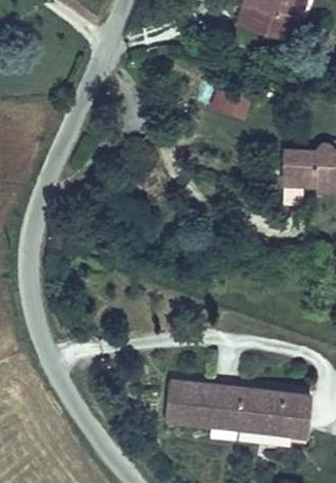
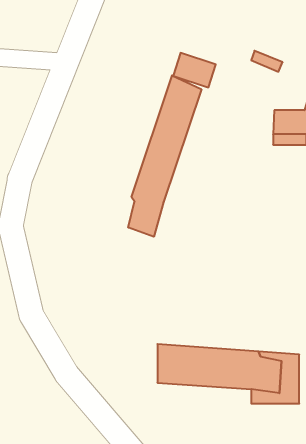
building: none -> [128,75,201,237]

